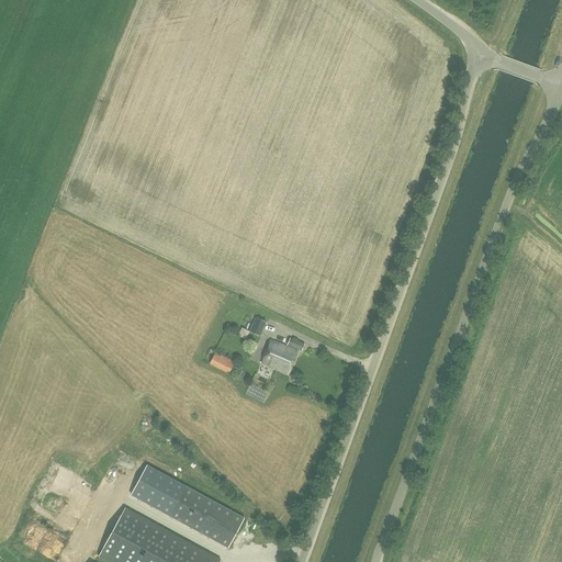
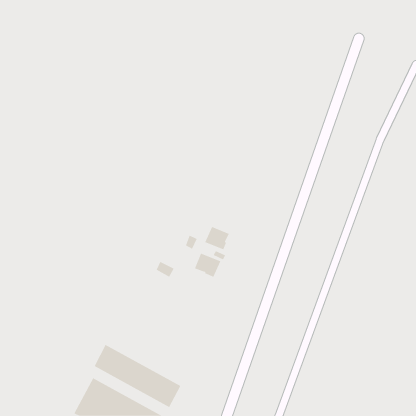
building: none -> [204,226,229,250]

